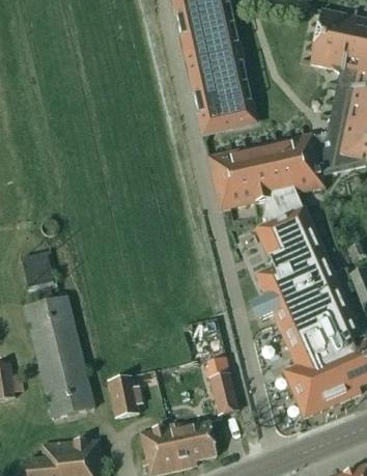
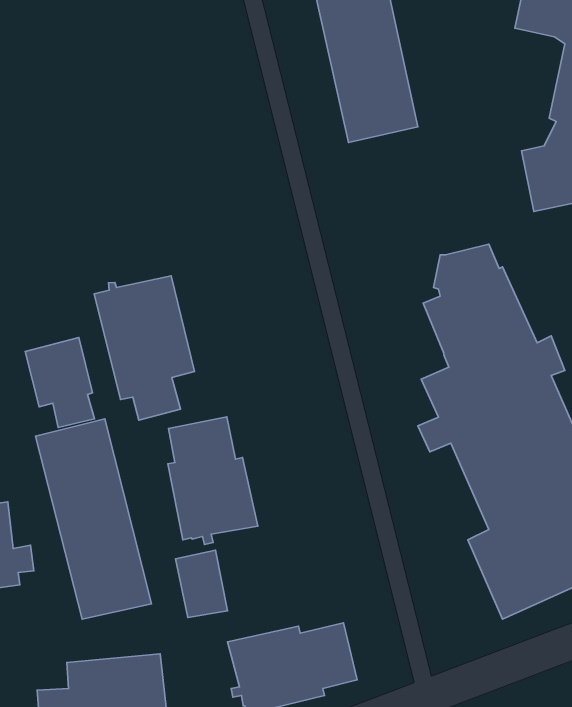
building: [209,134,326,208] -> none
building: none -> [94,276,194,420]
building: none -> [168,417,258,545]
building: [208,372,238,415] -> none

